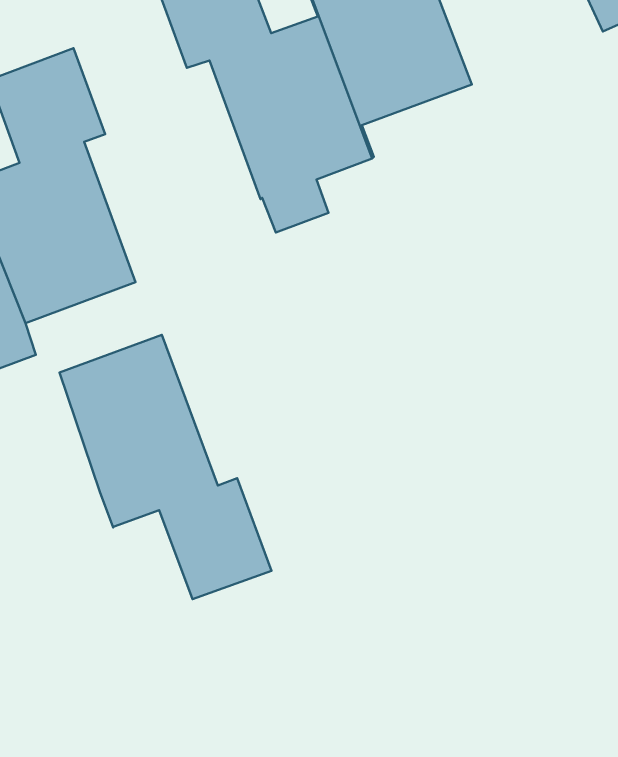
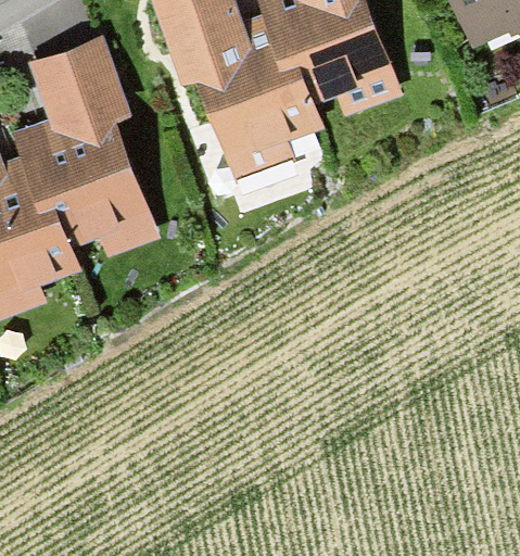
building: [59,335,271,599] -> none

